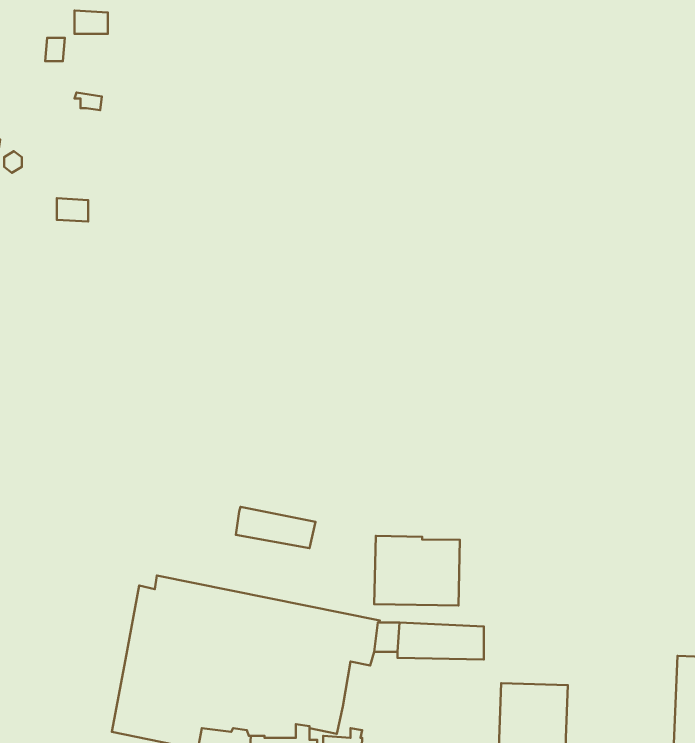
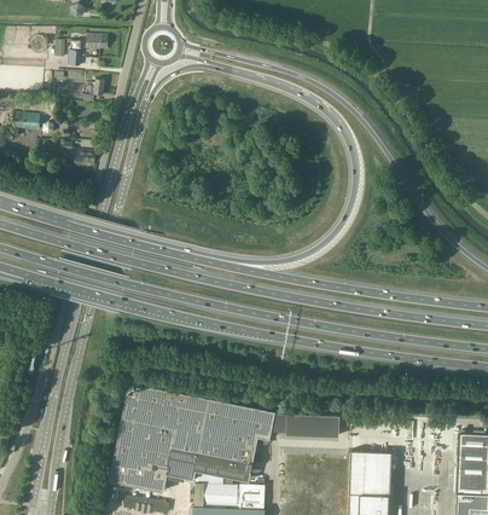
building: [236,507,315,548] -> none
building: [374,536,460,606] -> none

